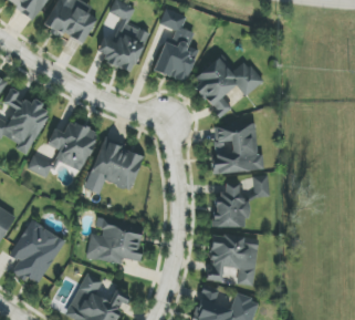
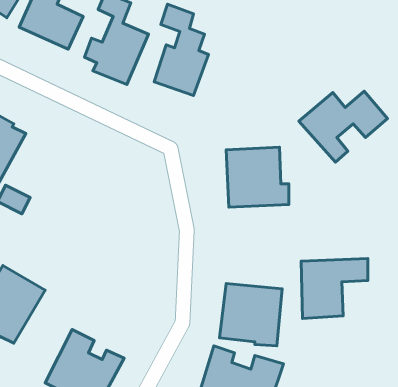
building: [191,58,263,115] -> [299,91,387,162]
building: [49,116,98,171] -> none
building: [84,138,144,193] -> none
building: [215,178,269,227] -> [301,259,368,319]
building: [86,216,142,264] -> none

